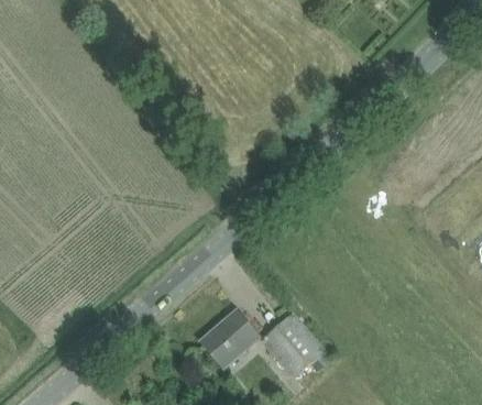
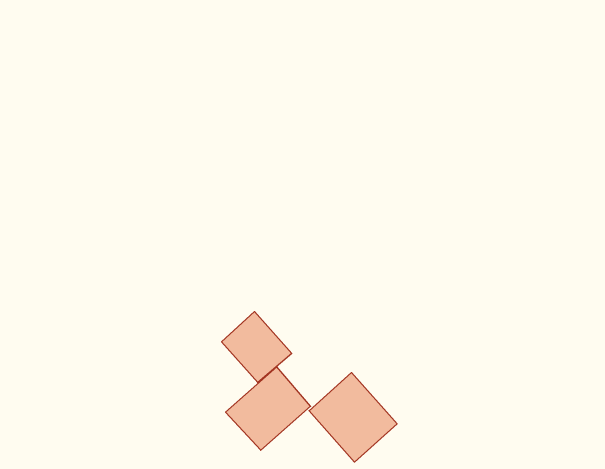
building: none -> [222,312,292,383]

